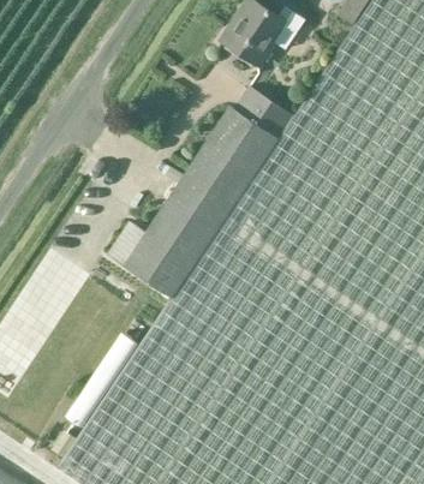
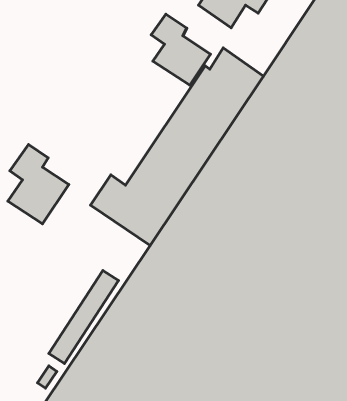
building: none -> [151,14,211,85]
building: none -> [8,144,69,224]

